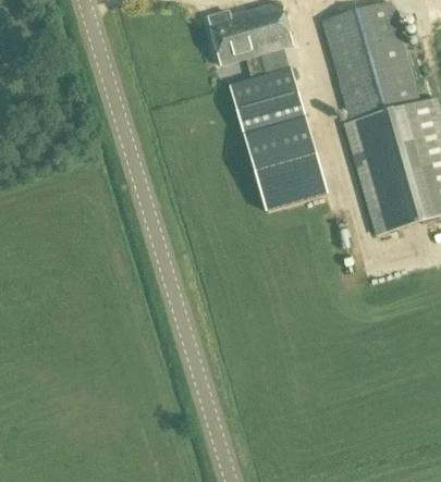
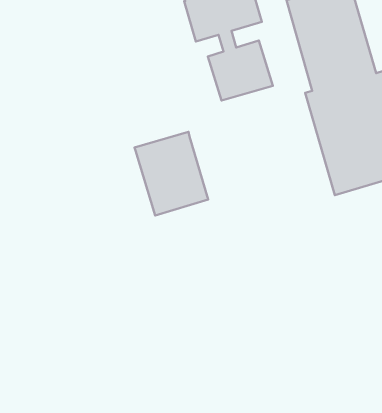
building: [244,116,326,209] -> [134,132,208,215]

